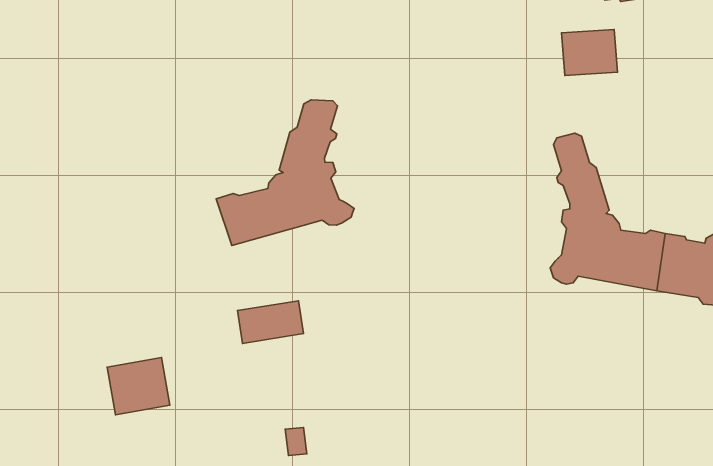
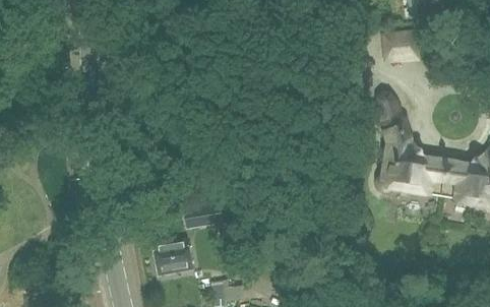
building: [216,100,354,246] -> none
building: [107,357,170,415] -> [154,237,192,272]

